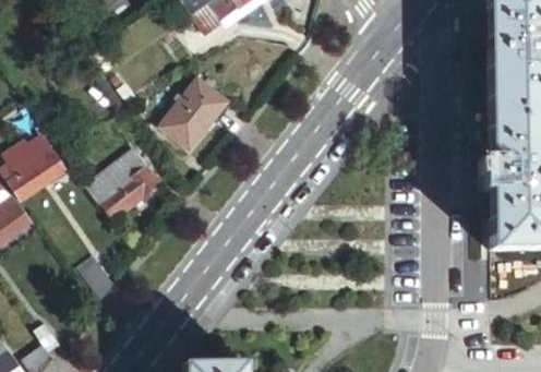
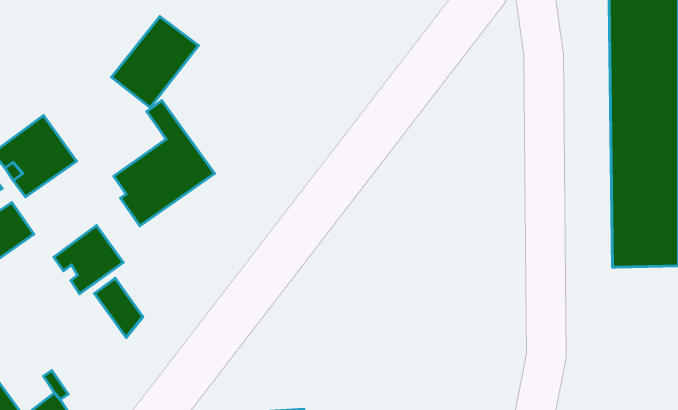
building: [158,80,227,152] -> [112,16,198,107]
building: none -> [54,225,123,294]

